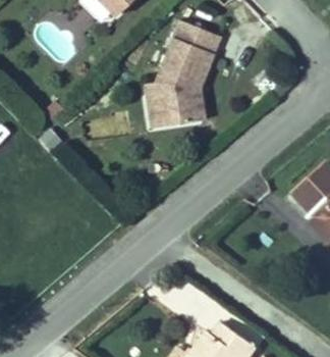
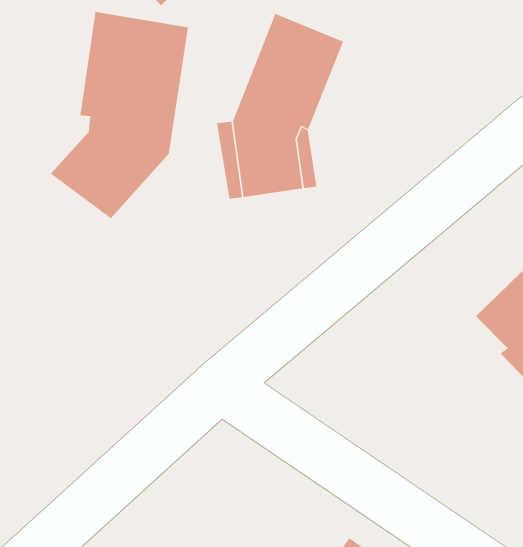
building: none -> [50,11,189,219]

